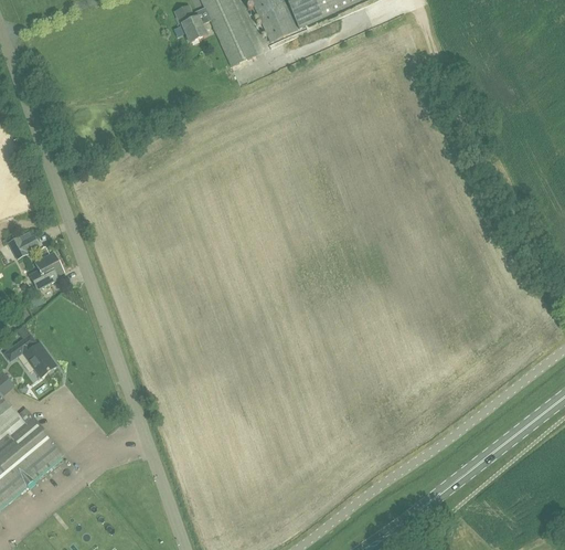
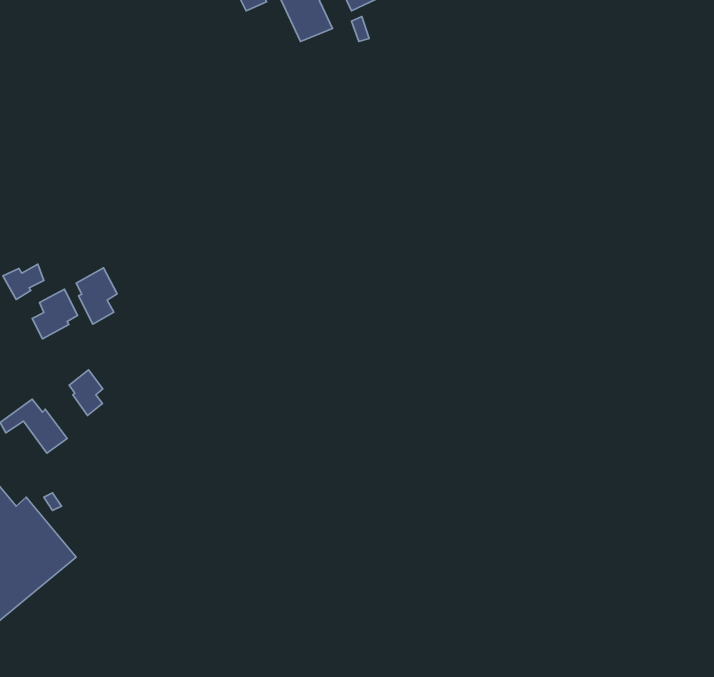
building: none -> [76,268,117,324]
building: none -> [69,370,103,415]

